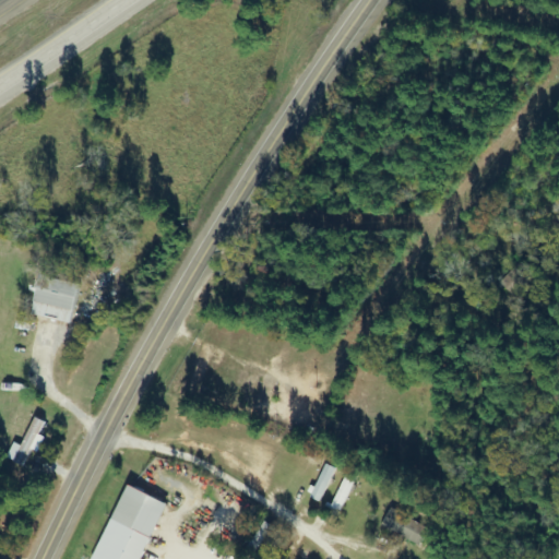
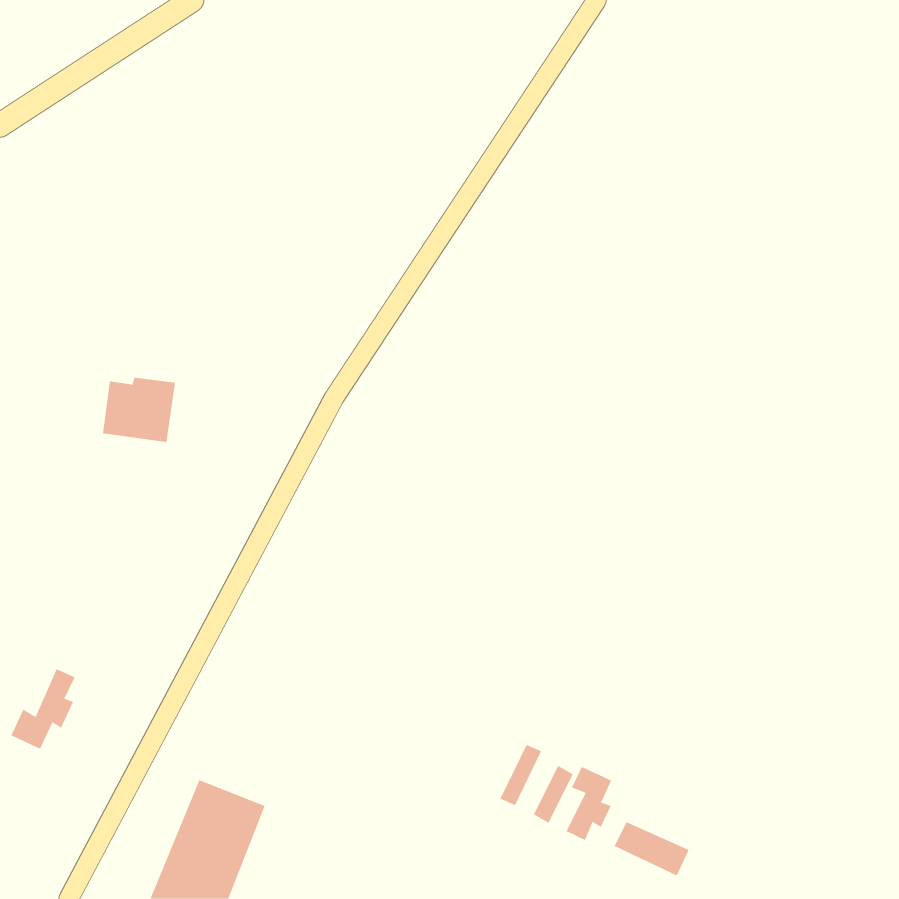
building: [31,280,76,320] -> [102,377,176,442]
building: none -> [566,766,612,841]

